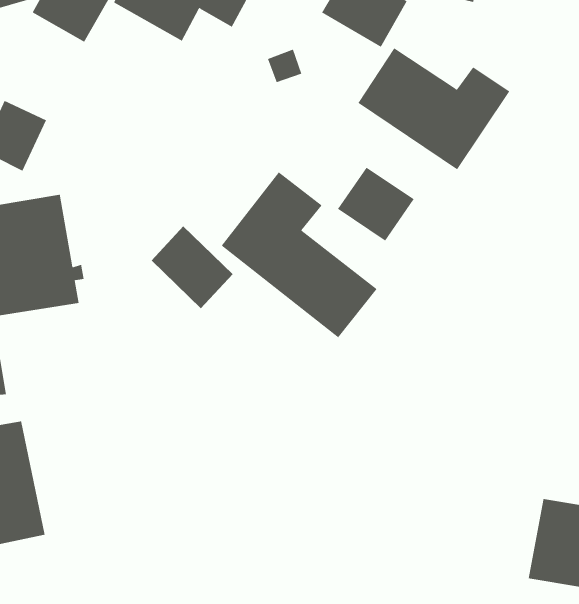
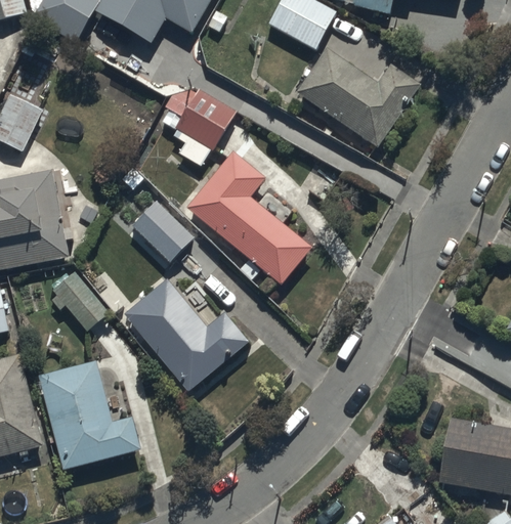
building: none -> [158,77,237,165]
building: [337,167,415,241] -> none
building: none -> [51,269,111,331]
building: none -> [123,277,251,394]
building: none -> [37,360,141,471]

